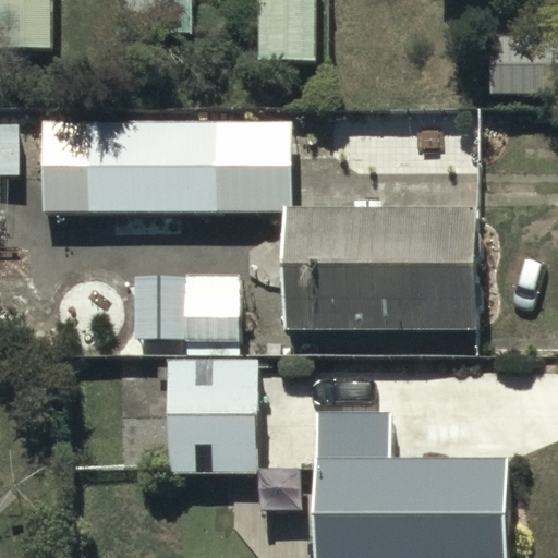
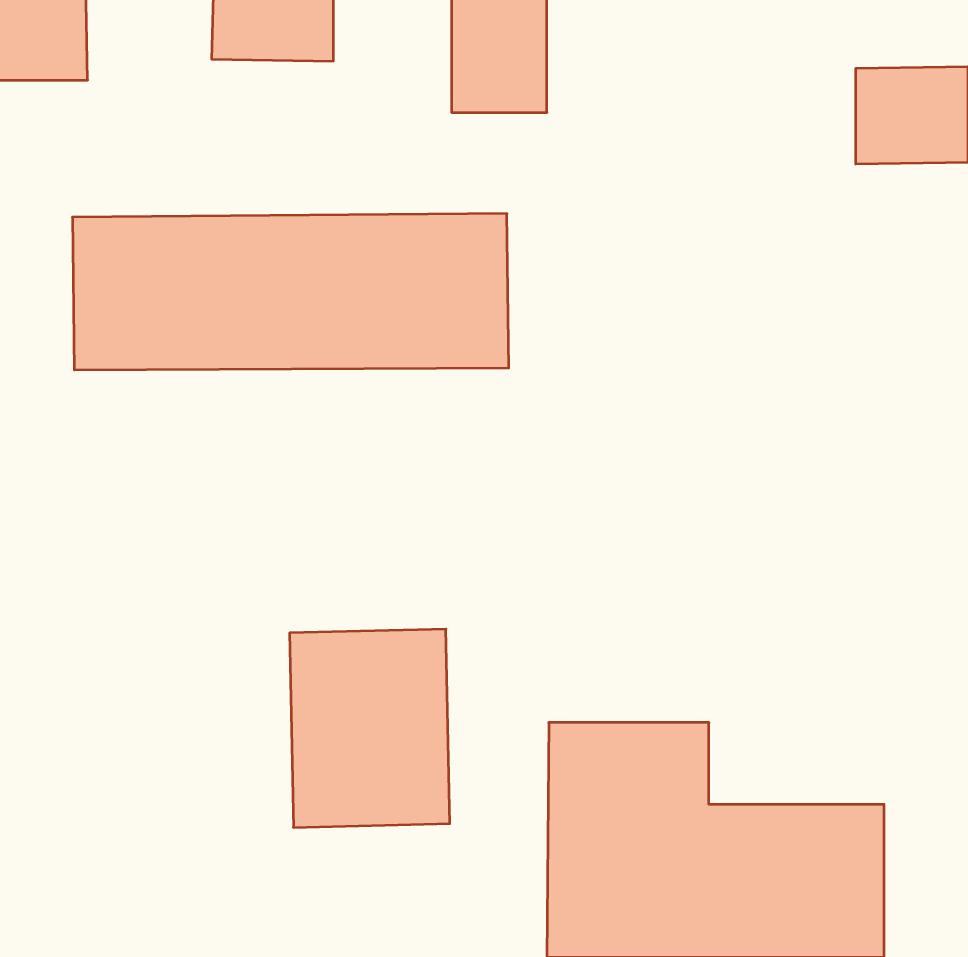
building: [286,209,477,336] -> none
building: [133,272,238,354] -> none

